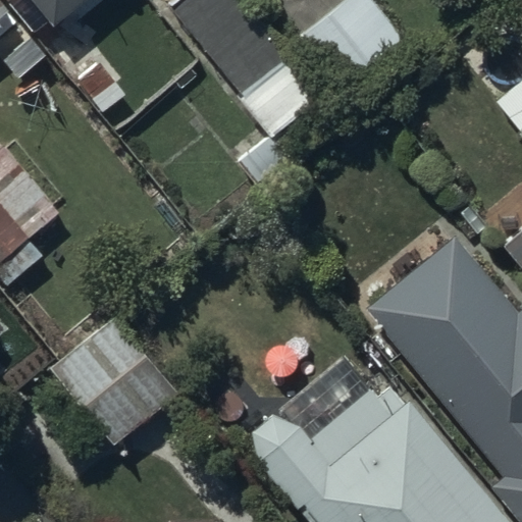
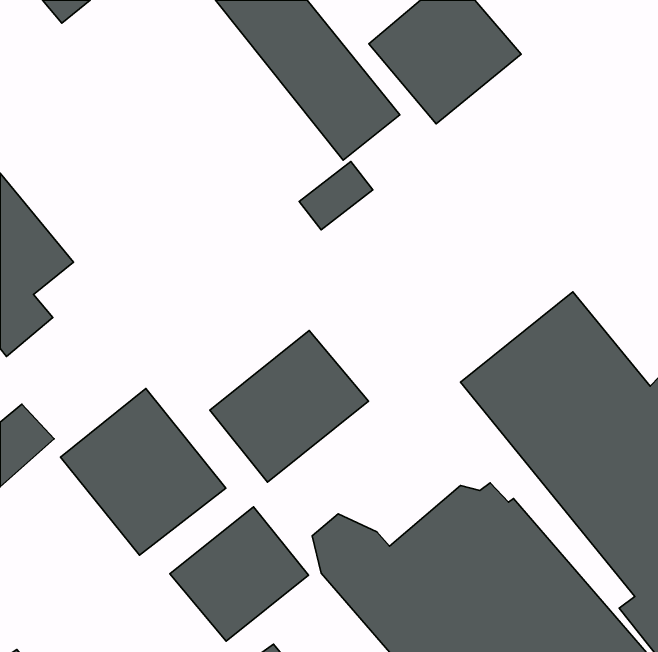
building: none -> [210,330,368,482]
building: none -> [170,507,308,641]

